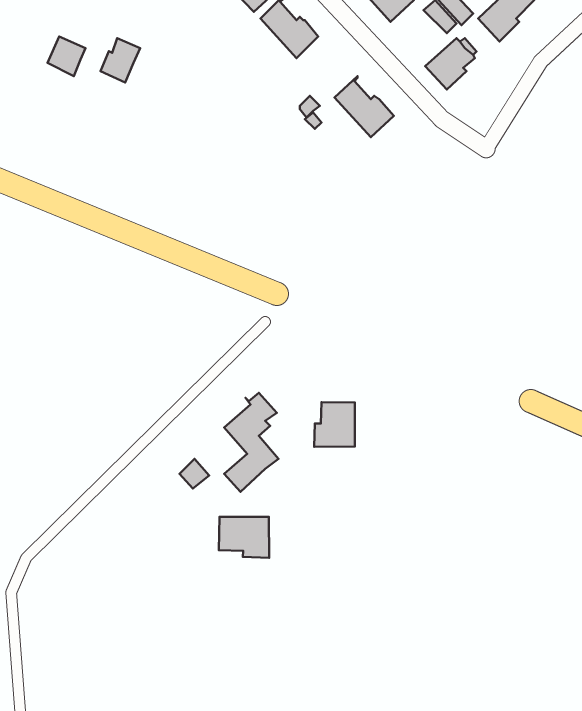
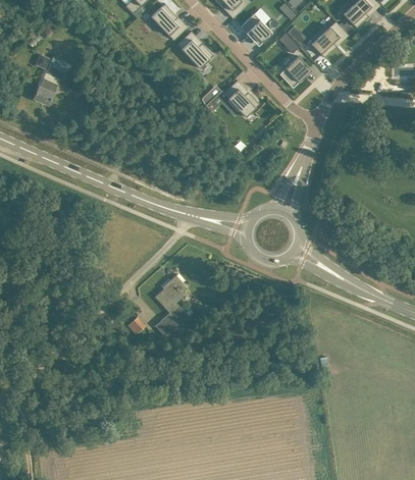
building: [101,38,140,83] -> [33,77,57,105]
building: [314,402,355,447] -> none
building: [219,517,269,558] -> none

